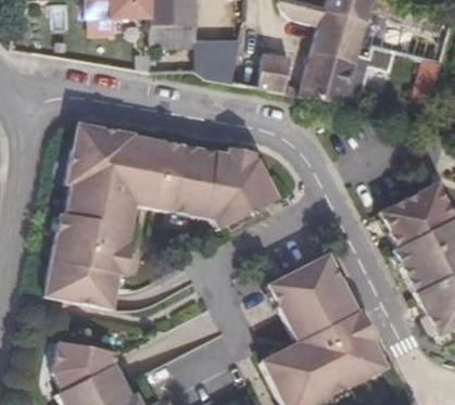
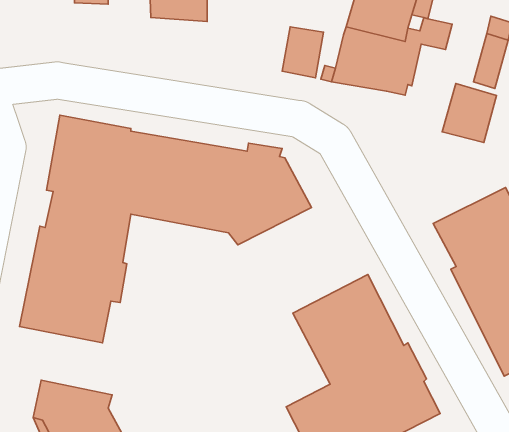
building: [194,39,242,84] -> none
building: none -> [442,84,497,142]

